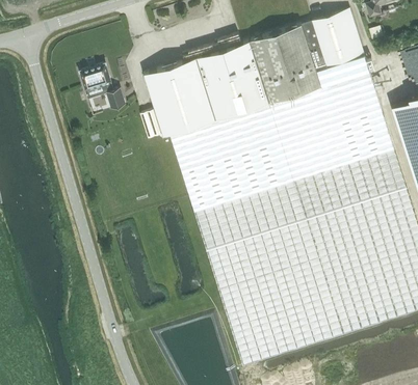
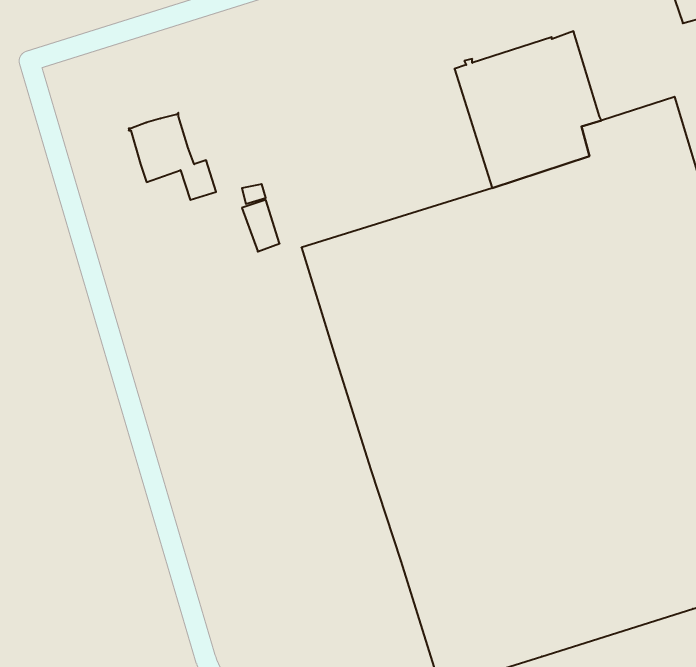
building: [313,11,365,67] -> none
building: [145,43,270,138] -> none

